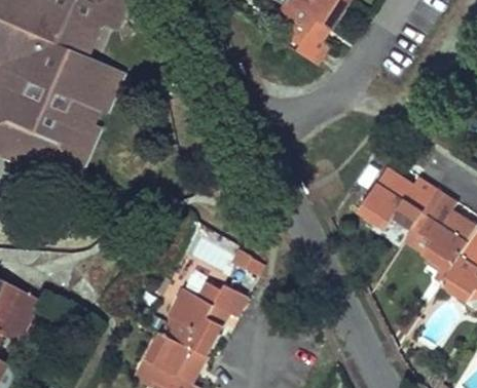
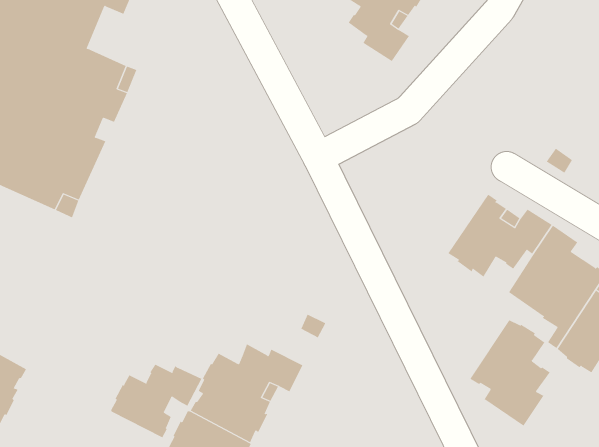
building: none -> [470,319,551,427]
building: none -> [110,364,202,439]

